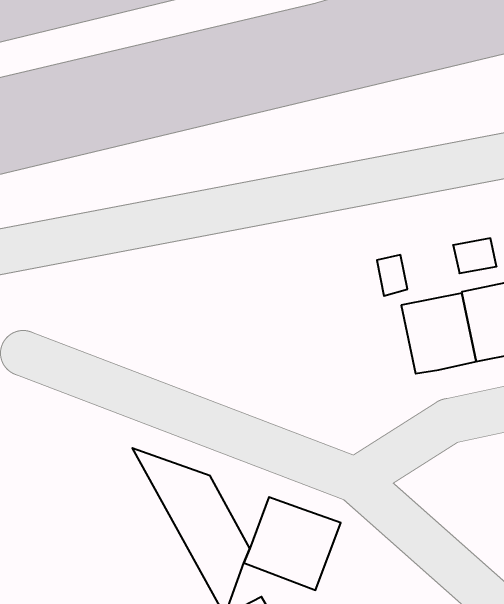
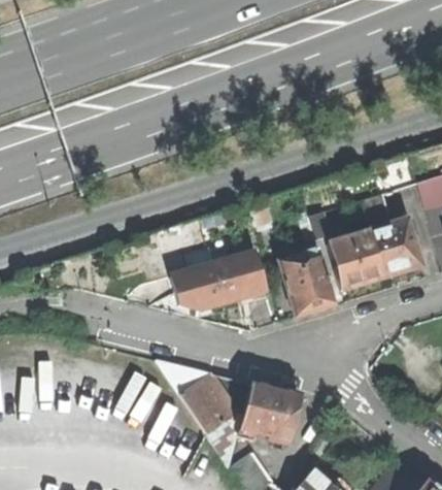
building: none -> [172,250,267,309]
building: none -> [280,249,337,316]

